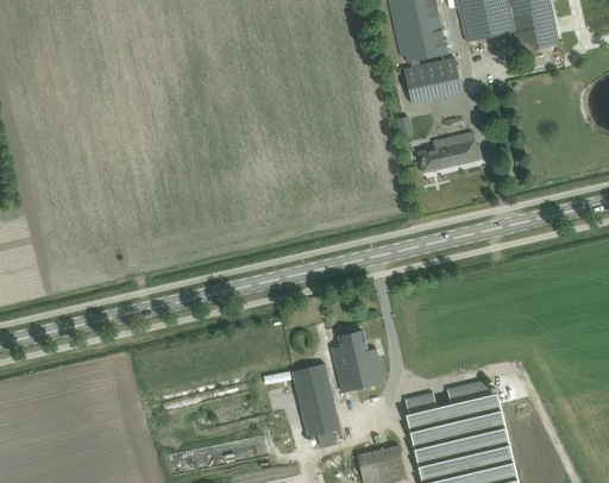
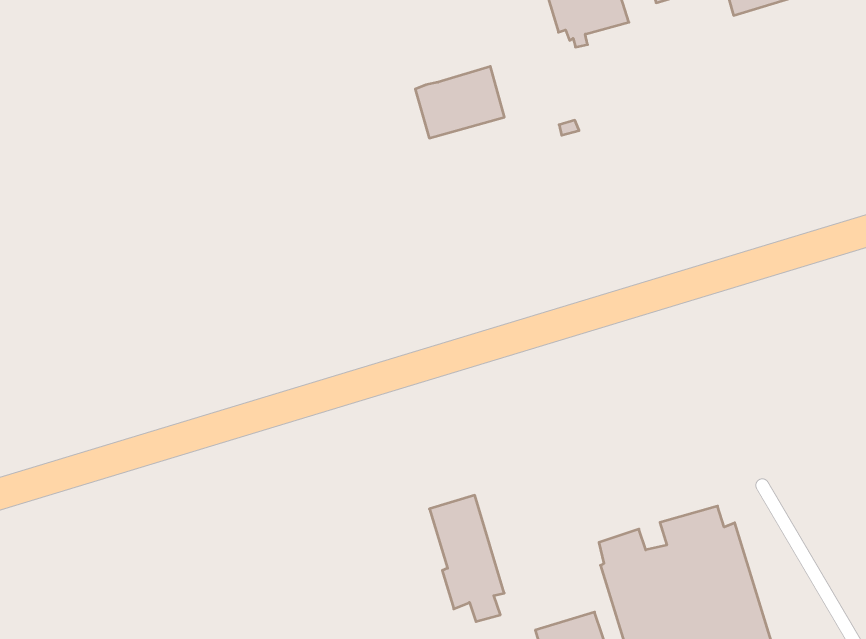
building: [403,57,462,102] -> [415,66,504,138]
building: [417,132,482,172] -> none
building: [331,330,384,391] -> none

